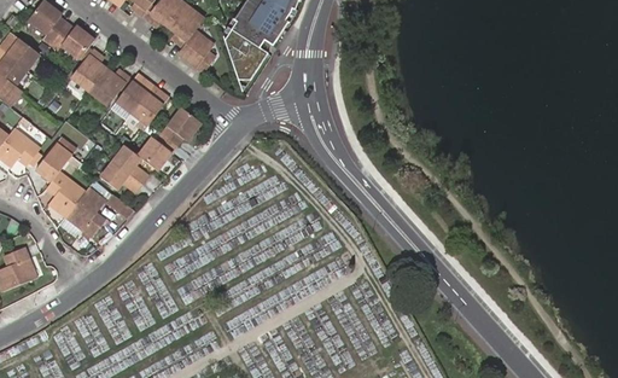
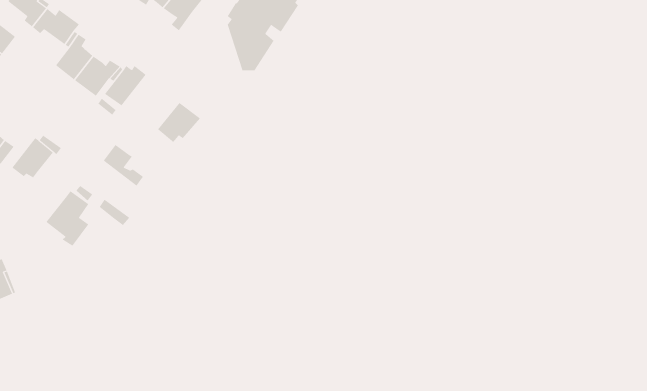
building: [177,28,215,70] -> none
building: [132,83,167,123] -> none
building: [139,132,177,169] -> none
building: [103,159,145,191] -> none
building: [45,170,82,214] -> none

